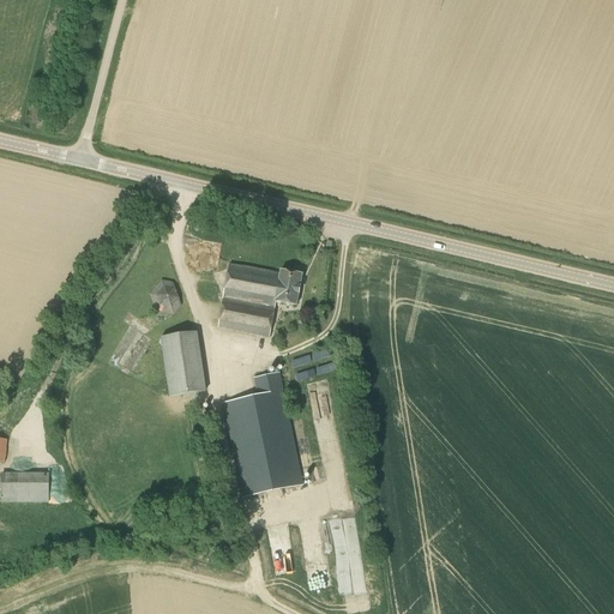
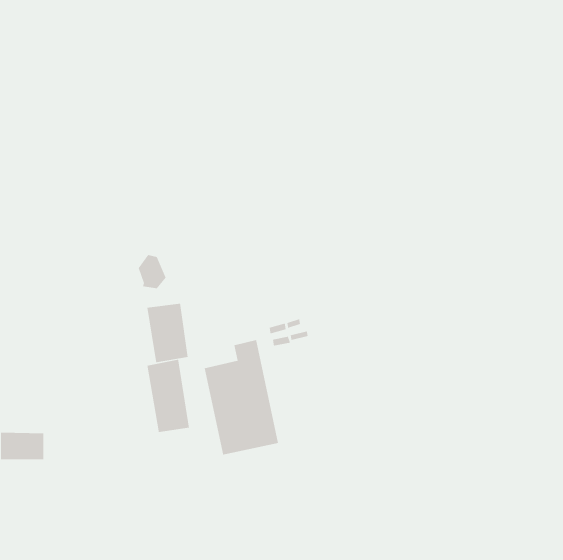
building: [219,263,301,333] -> none
building: none -> [147,359,190,433]

